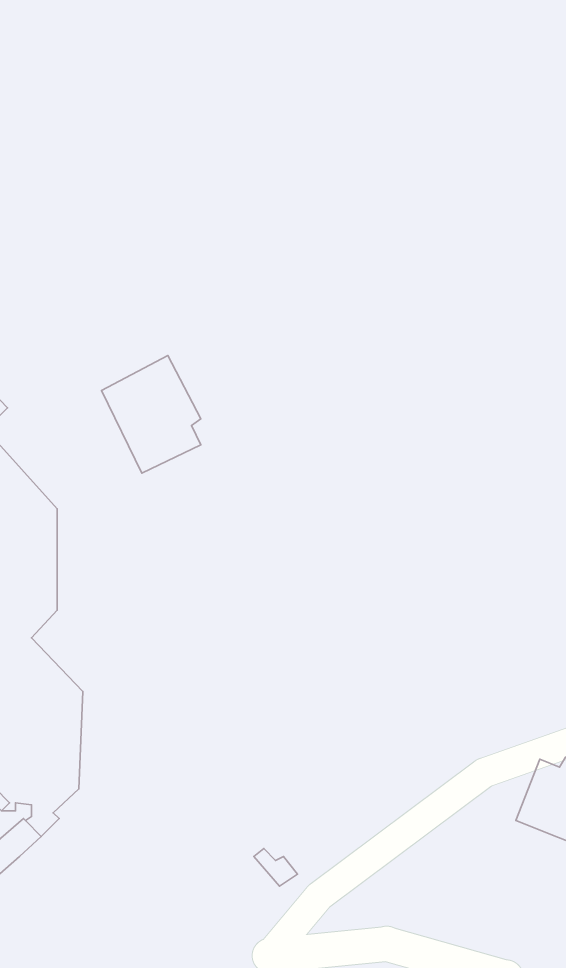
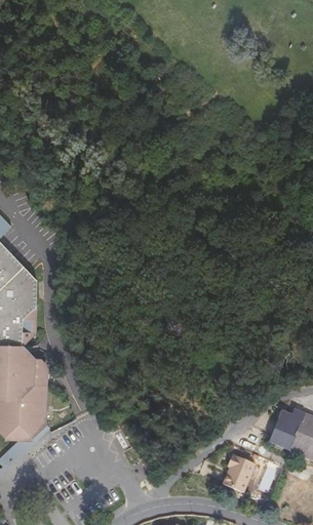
building: [101,356,201,473] -> none
building: none -> [225,453,258,492]

